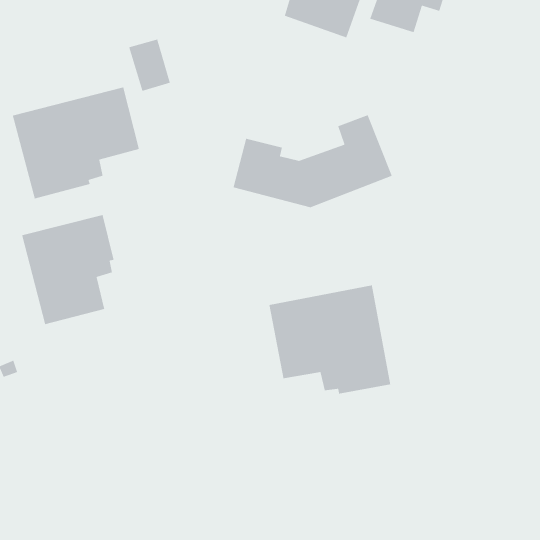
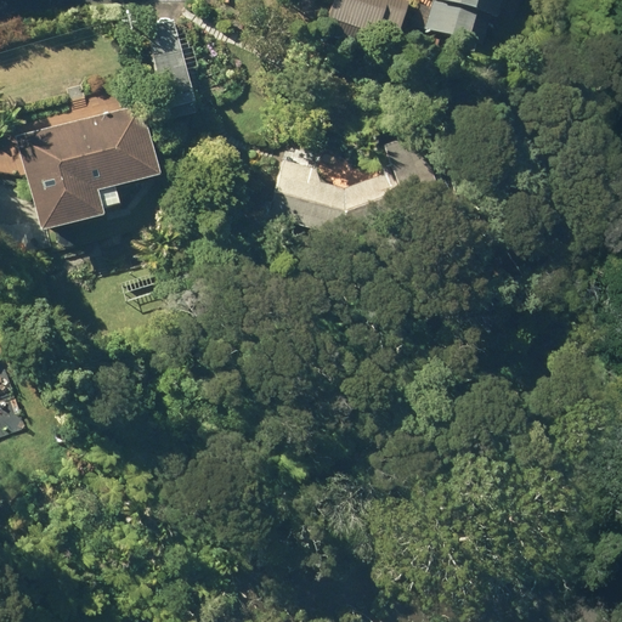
building: [21,214,115,325] -> none
building: [268,285,391,395] -> none

